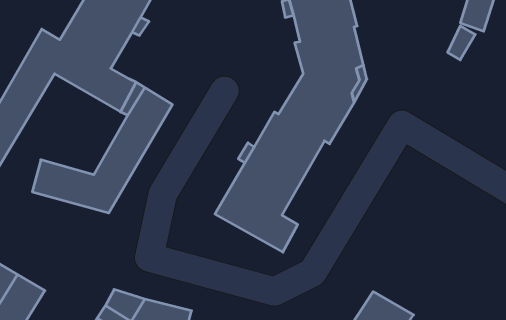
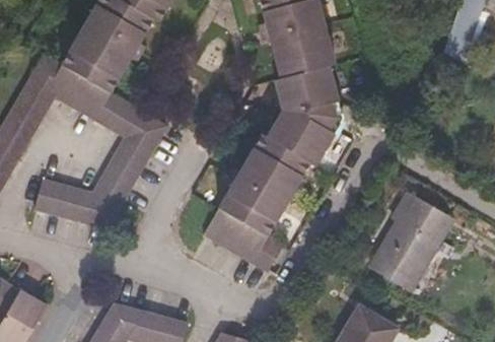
building: none -> [367,191,451,291]

